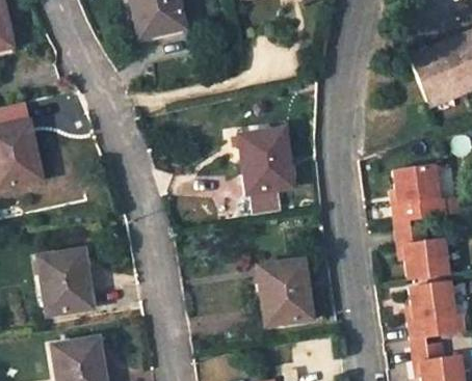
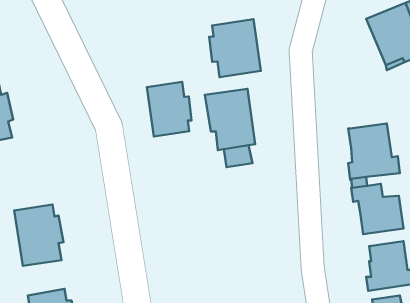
building: none -> [209,19,261,77]
building: none -> [147,82,192,137]
building: [260,260,313,324] -> none

